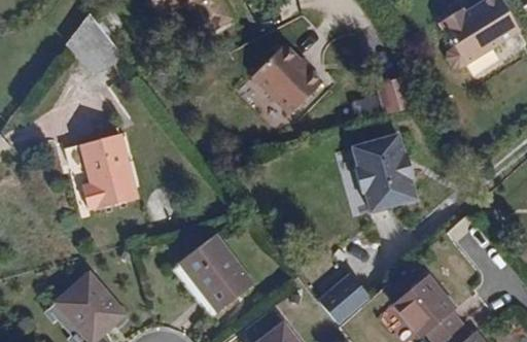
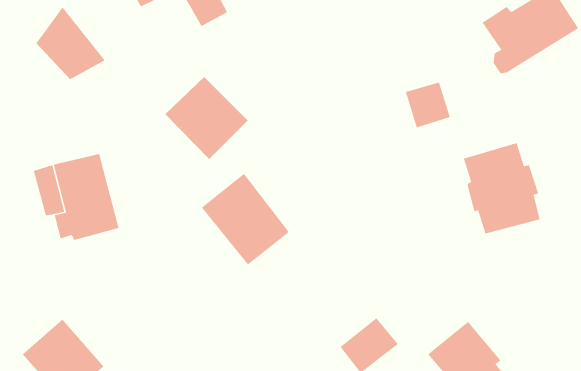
building: [245,46,315,116] -> [165,76,249,160]
building: [349,133,414,210] -> [463,142,541,235]
building: [180,234,254,311] -> [201,173,290,265]

